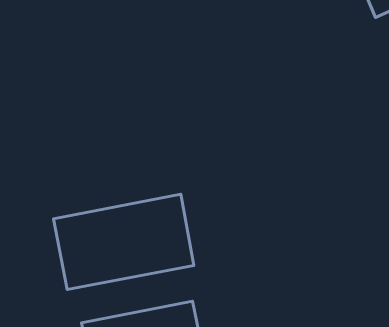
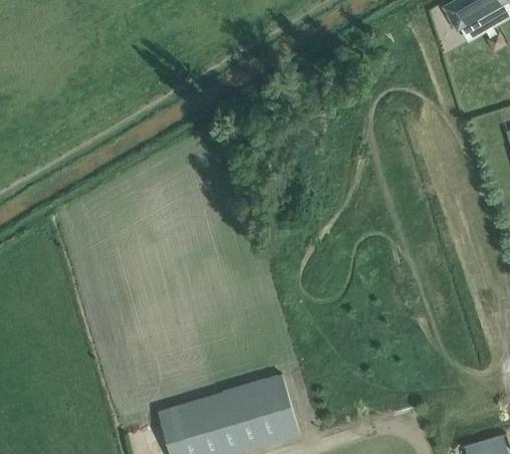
building: [53,194,194,290] -> none

